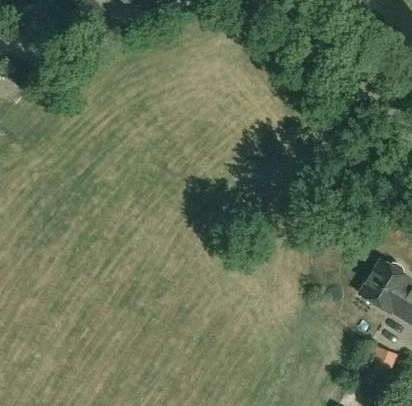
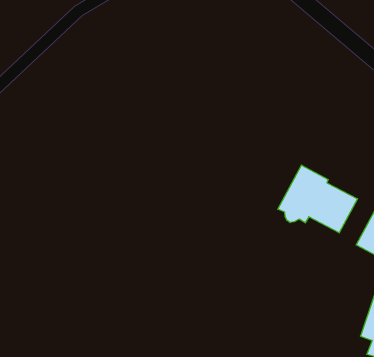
building: none -> [278,165,358,233]

